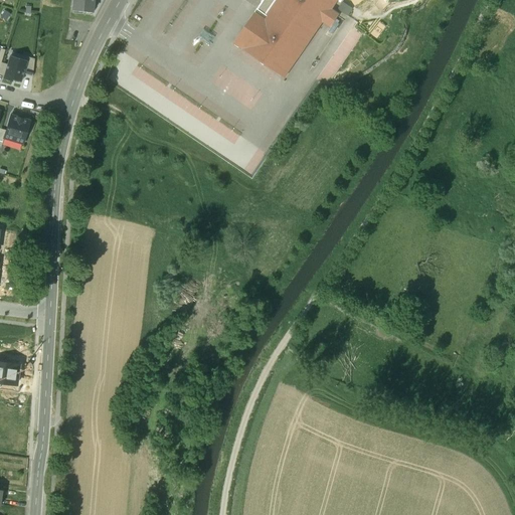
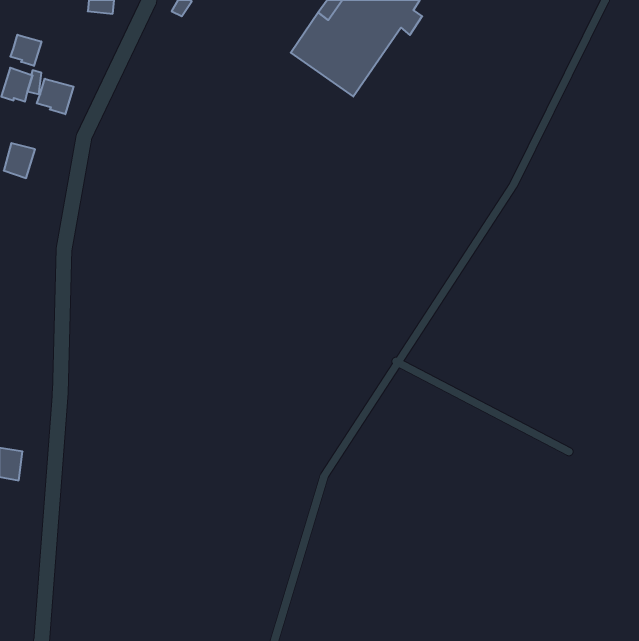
building: none -> [10,35,41,66]
building: none -> [37,79,74,114]

